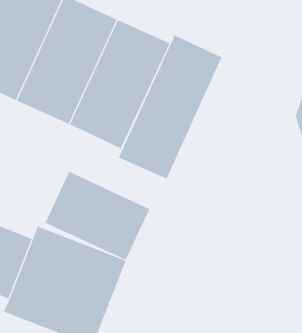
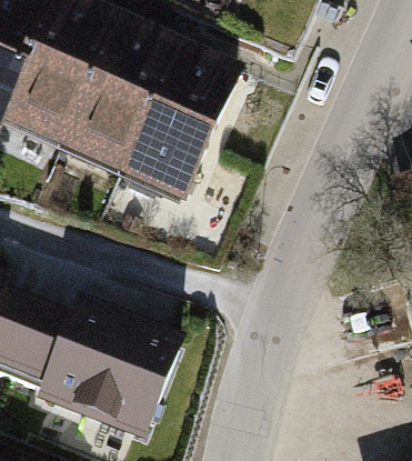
building: [118,35,222,180] -> none
building: [45,171,150,260] -> none

